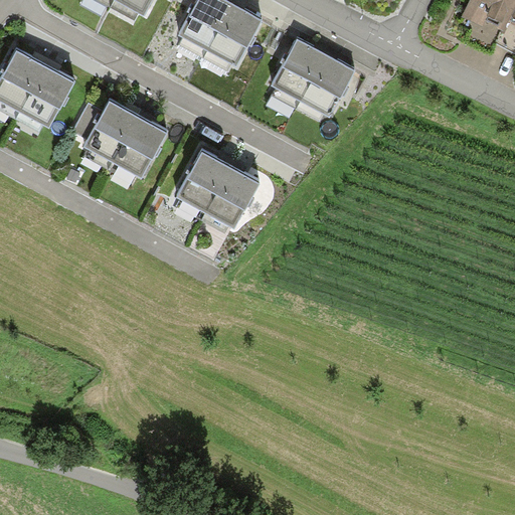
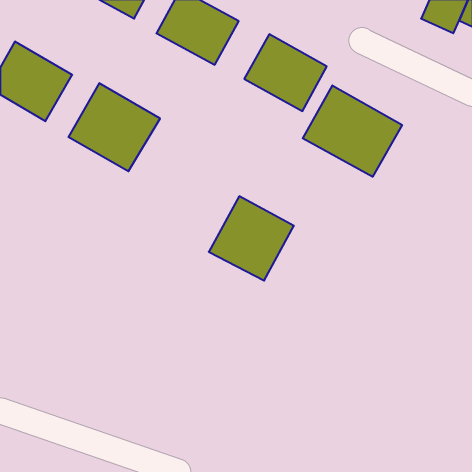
building: none -> [303,85,402,177]
building: [169,146,262,237] -> [209,196,294,281]

